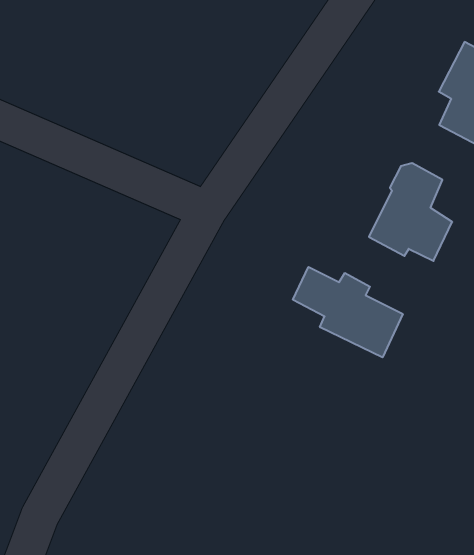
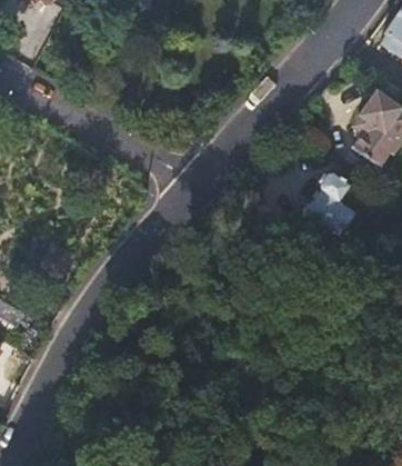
building: [293,267,403,357] -> none

